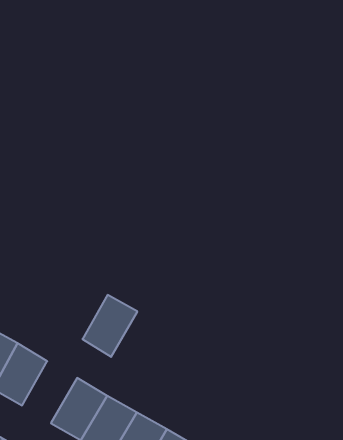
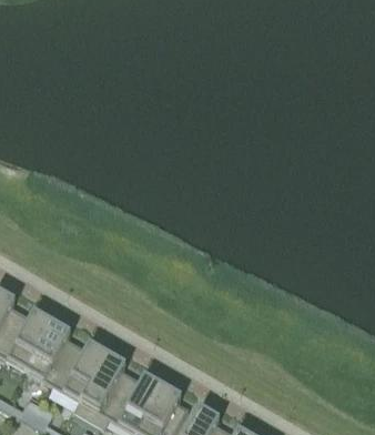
building: [82,295,137,357] -> [41,336,92,394]

